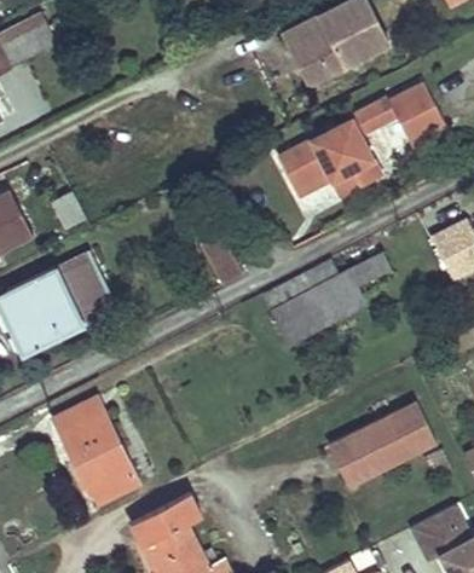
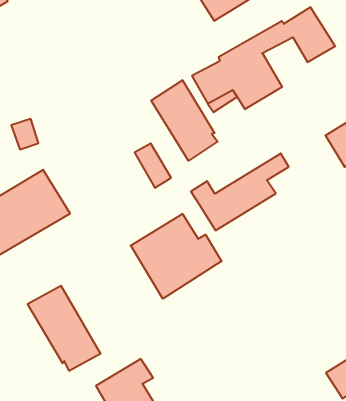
building: none -> [151,80,218,161]
building: none -> [131,214,222,299]
building: [325,400,435,487] -> none

